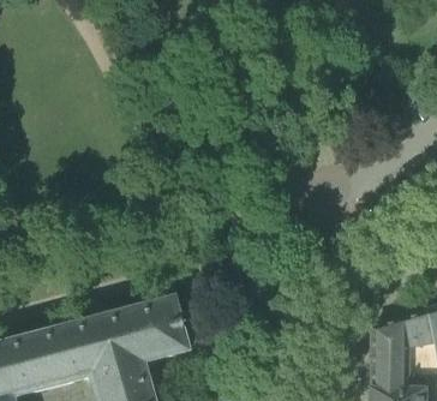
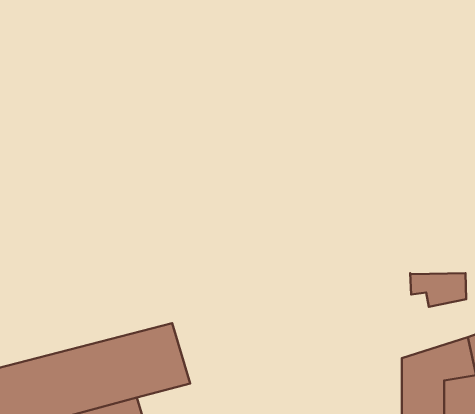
building: none -> [410,273,466,307]

